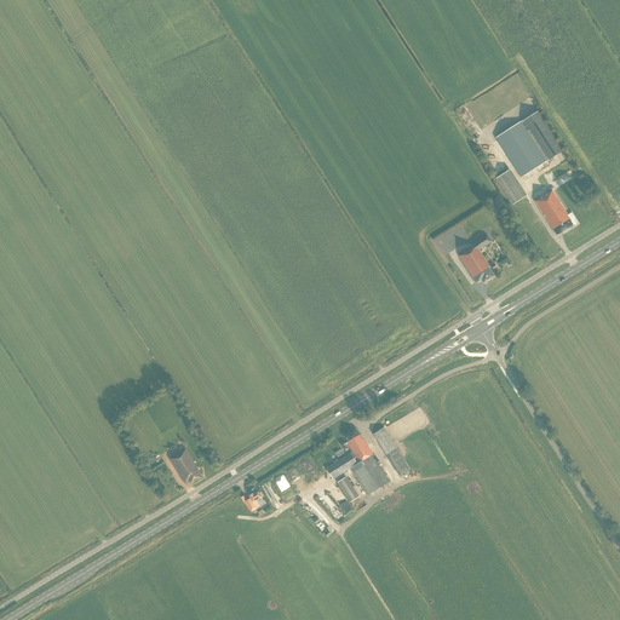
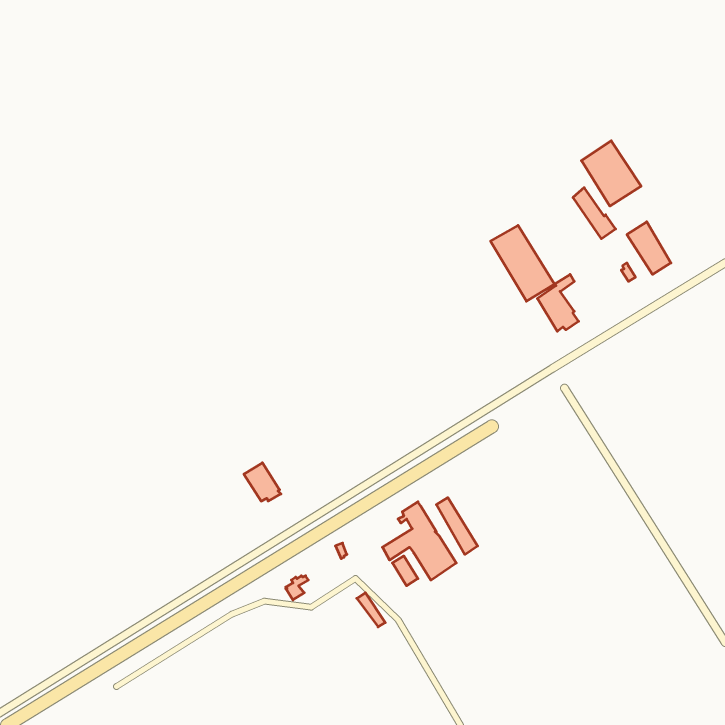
building: [522,110,562,159] -> none
building: none -> [491,225,554,301]
building: [168,448,200,481] -> [244,463,281,501]

